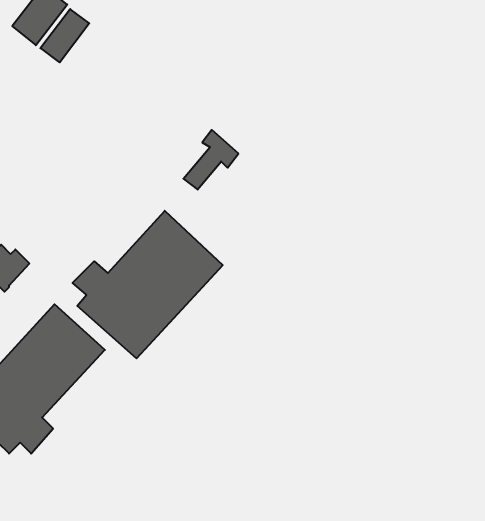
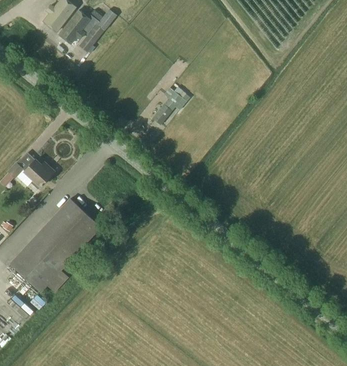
building: none -> [78,10,115,52]
building: [73,211,223,358] -> none

